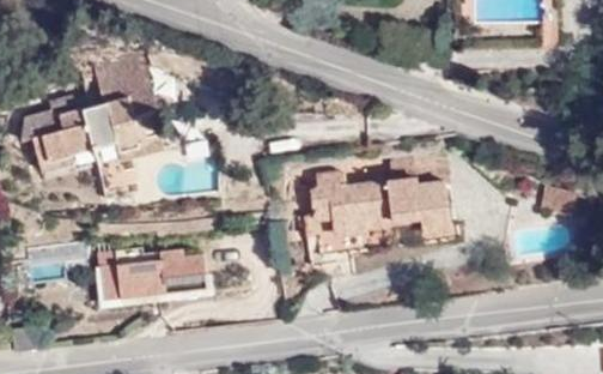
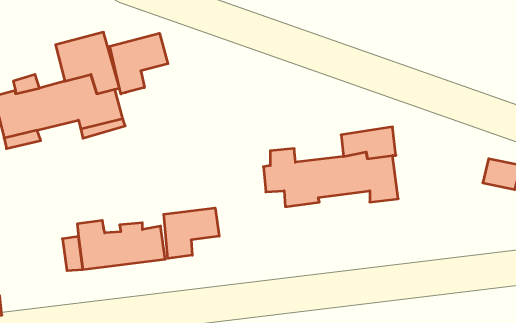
building: none -> [110,33,168,94]
building: none -> [164,208,219,258]

